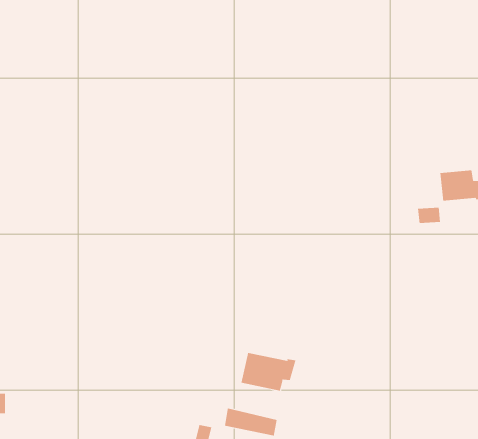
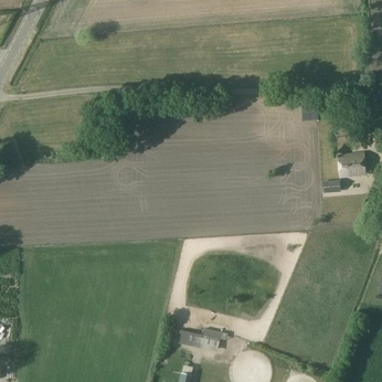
building: [241,352,296,391] -> none

